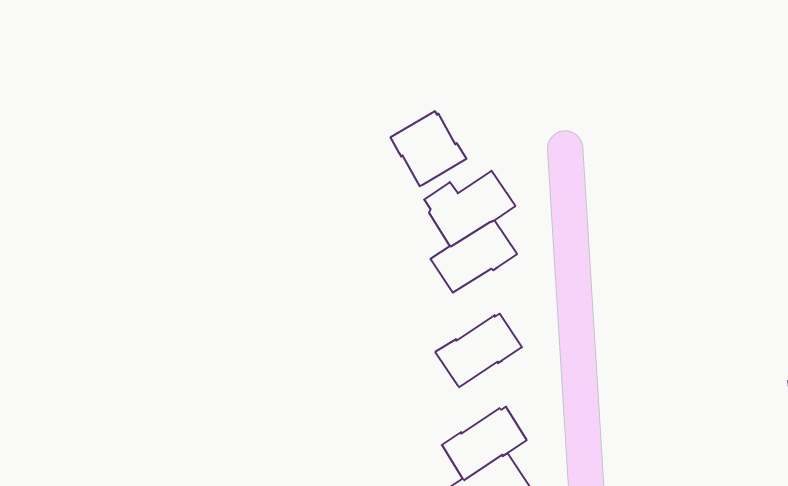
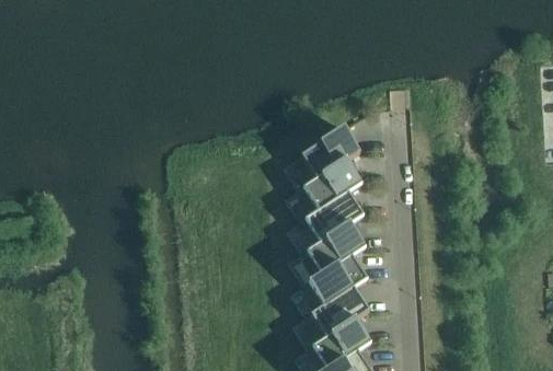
building: [391,111,466,186] -> none
building: none -> [302,190,361,241]
building: none -> [306,254,365,304]

